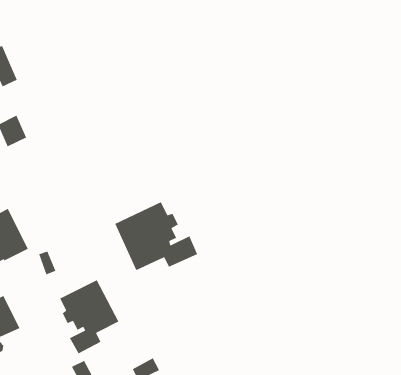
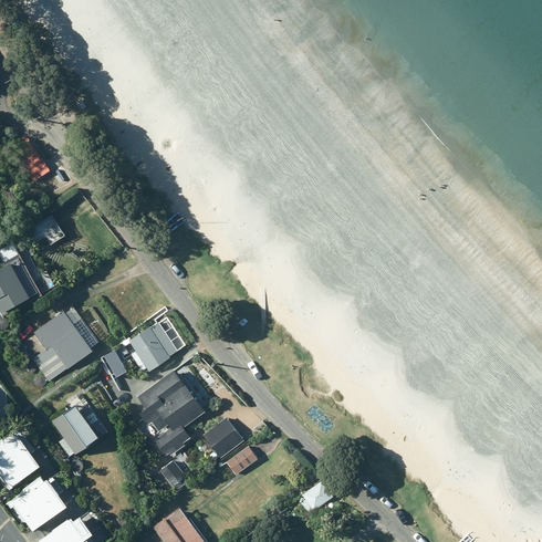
building: [114,201,198,271] -> none
building: none -> [128,322,177,371]
building: none -> [204,416,244,457]

